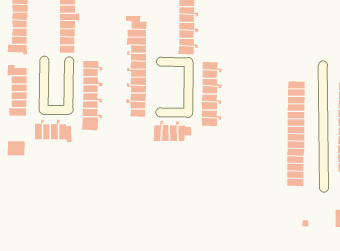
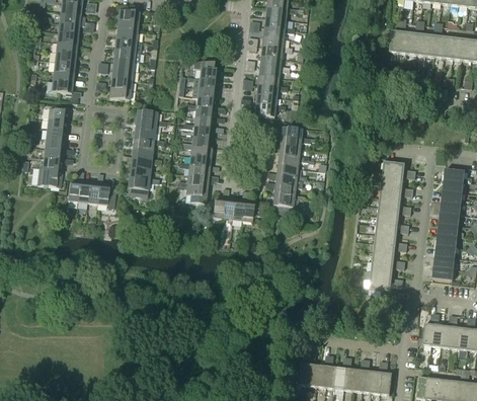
building: none -> [181,180,207,204]
building: [7,141,25,156] -> [37,167,62,187]

